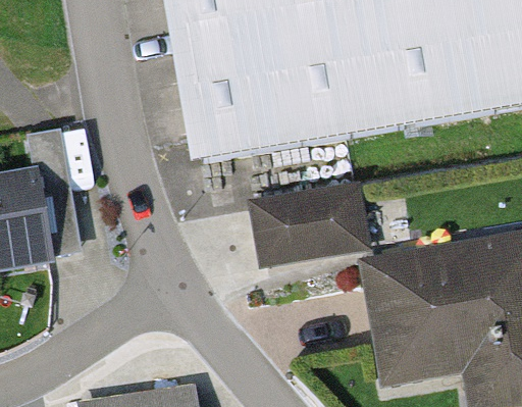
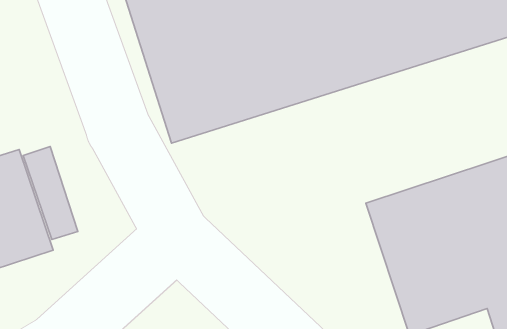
building: [249,176,374,263] -> none

